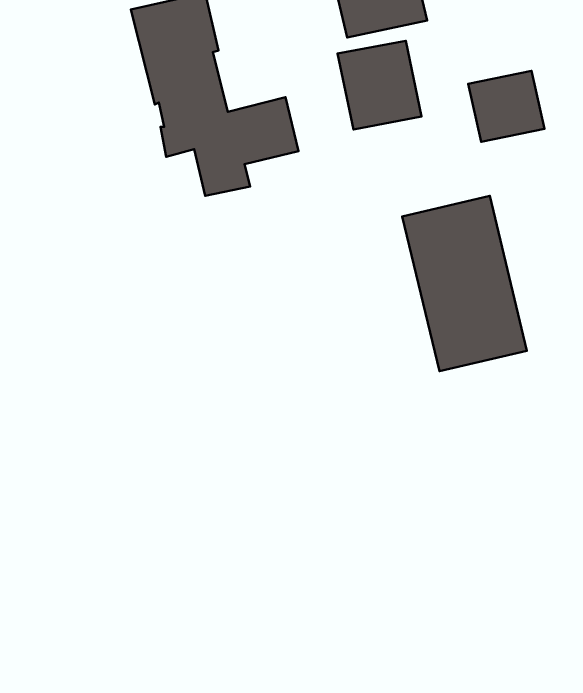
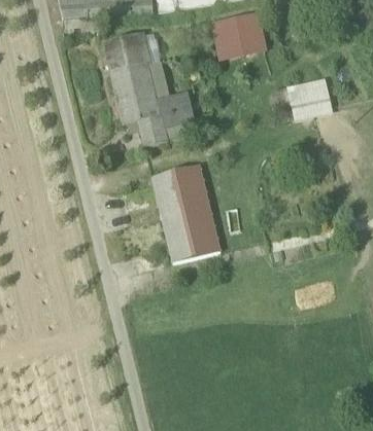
building: [338,41,422,129] -> none
building: [402,196,527,371] -> [151,163,221,259]

